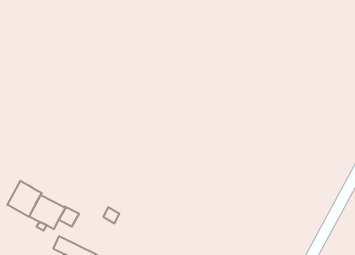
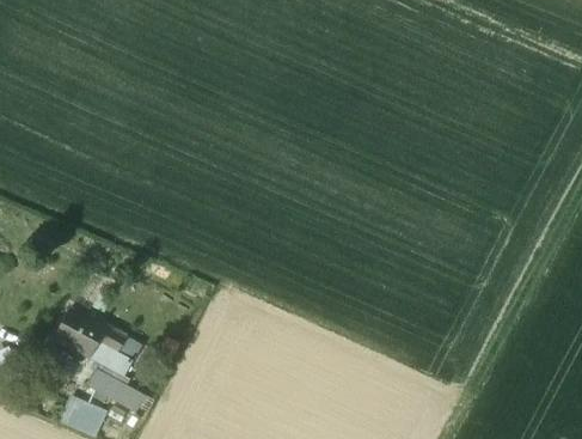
building: [7,181,42,217] -> none
building: none -> [82,333,130,372]

